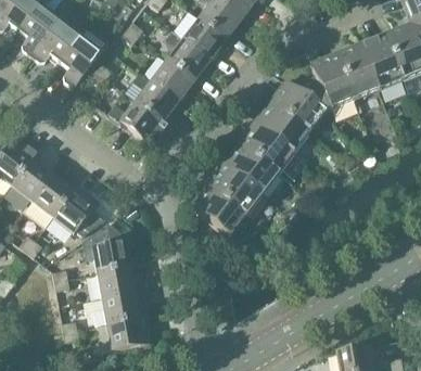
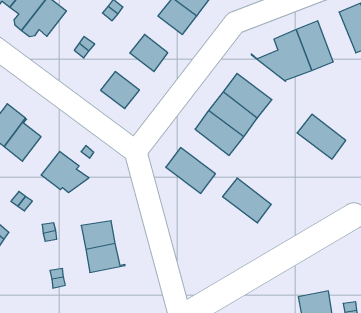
building: [59,34,102,88] -> none
building: [360,35,403,90] -> none
building: [167,39,209,80] -> none
building: [135,80,178,121] -> none
building: [270,82,324,132] -> [297,114,346,159]
building: [207,165,261,215] -> [223,178,271,223]
building: [31,174,73,216] -> none
building: [81,221,130,272] -> none
building: [106,317,151,350] -> none

